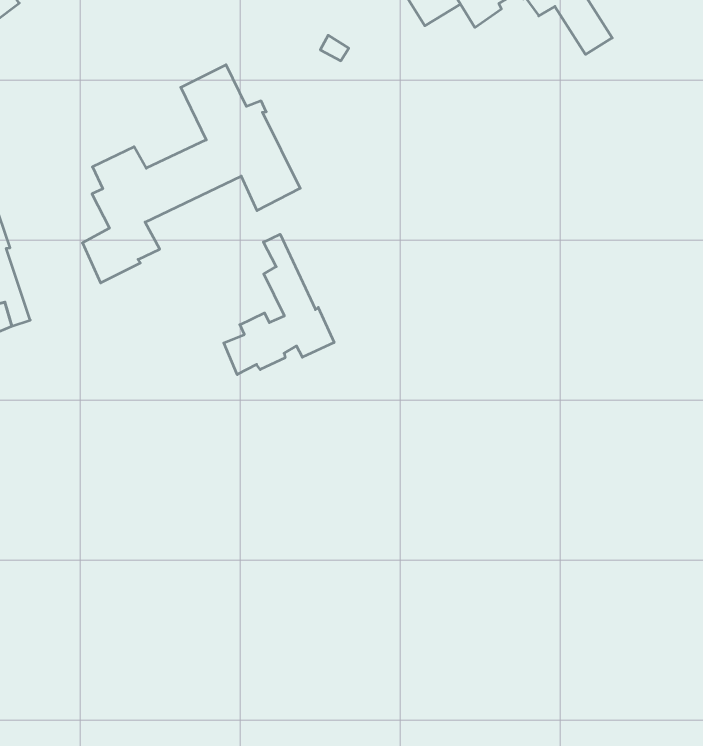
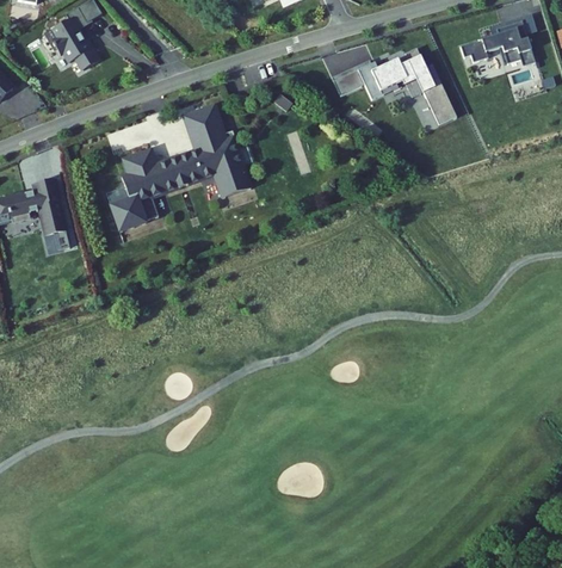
building: [224,234,334,375] -> none

